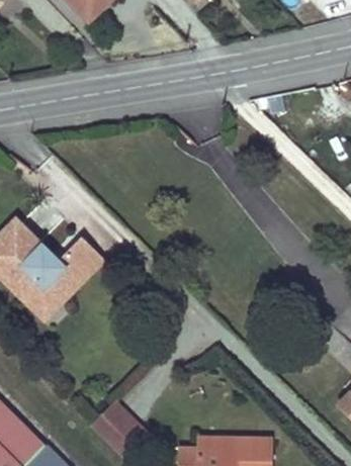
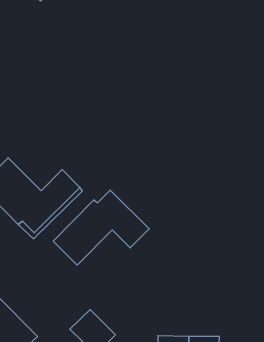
building: none -> [53,190,149,265]

